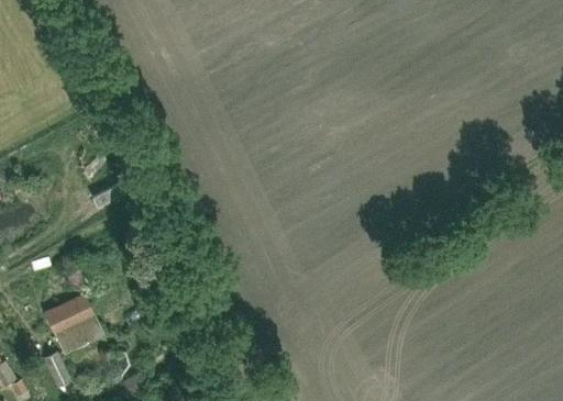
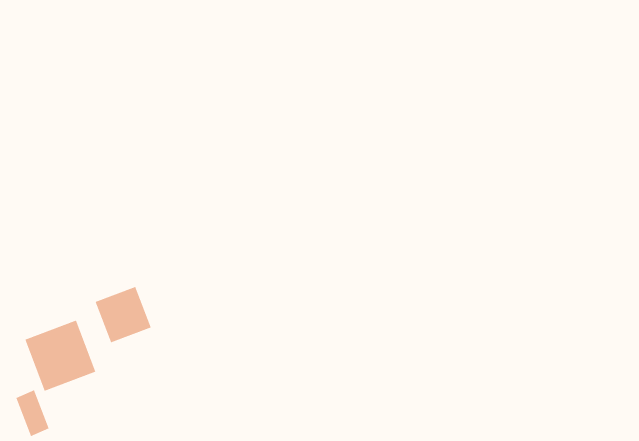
building: none -> [95,286,151,343]

